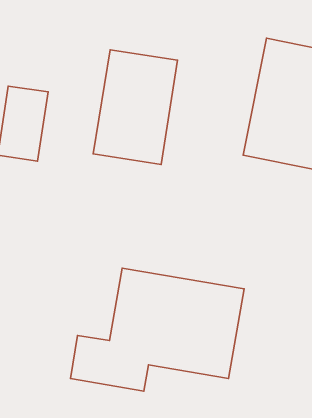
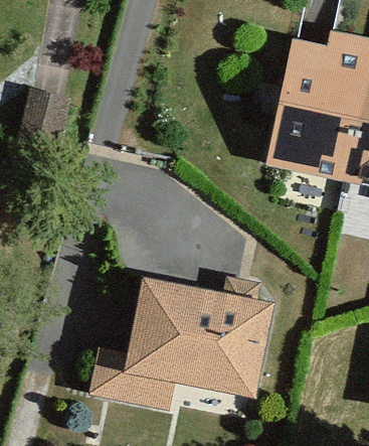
building: [93,50,177,164] -> none

